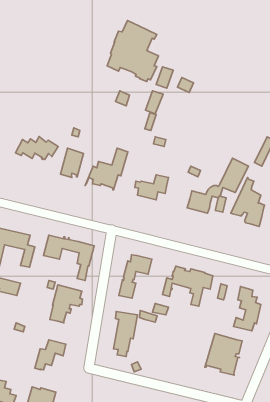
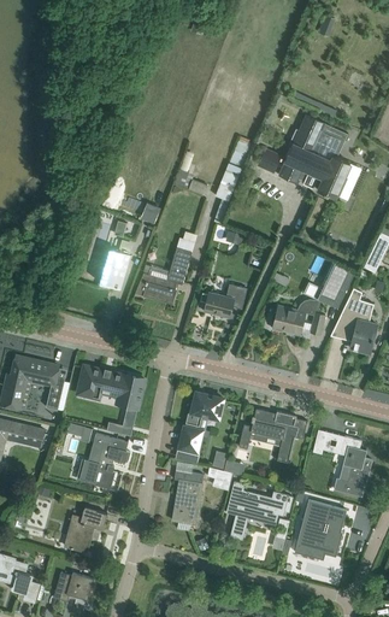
building: [107,20,158,82] -> [281,116,350,199]
building: [15,136,58,160] -> none
building: none -> [226,482,294,541]

